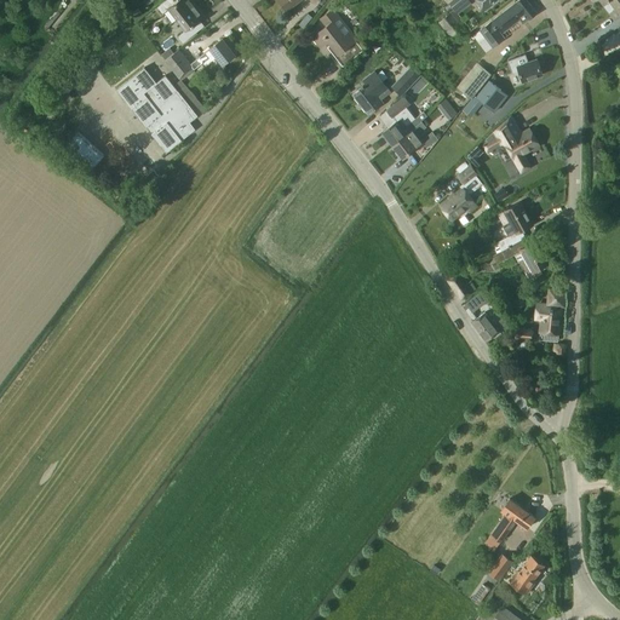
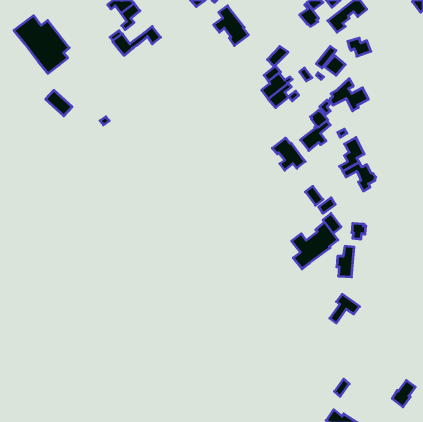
building: [116,69,197,154] -> [14,16,69,73]
building: [354,71,392,114] -> none
building: none -> [272,138,305,170]
building: [538,291,563,335] -> [337,246,354,277]
building: none -> [292,222,338,269]
building: [492,500,535,542] -> [330,294,360,323]
building: [511,557,545,596] -> [392,380,415,407]

